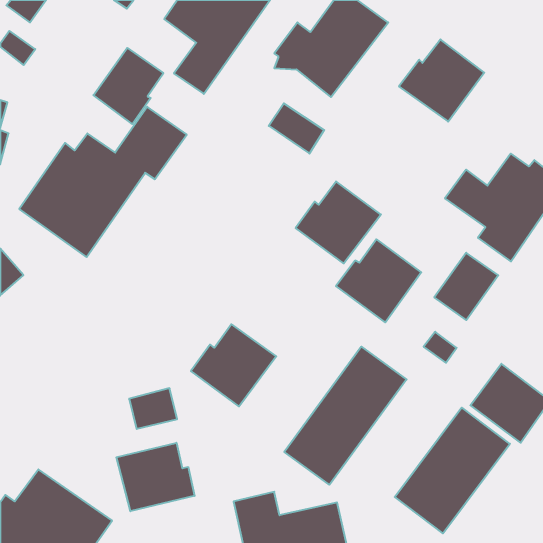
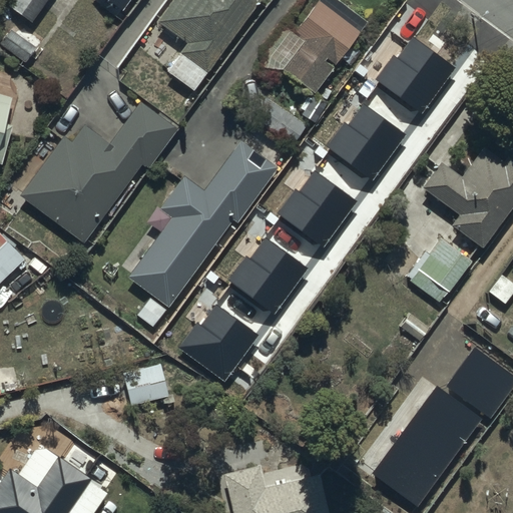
building: [93,48,163,124] -> none
building: none -> [328,105,409,182]
building: none -> [126,141,277,308]
building: [336,239,421,322] -> [229,238,310,317]
building: [284,347,407,485] -> none
building: [116,443,195,511] -> none

